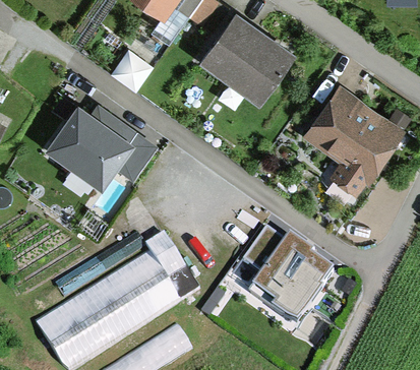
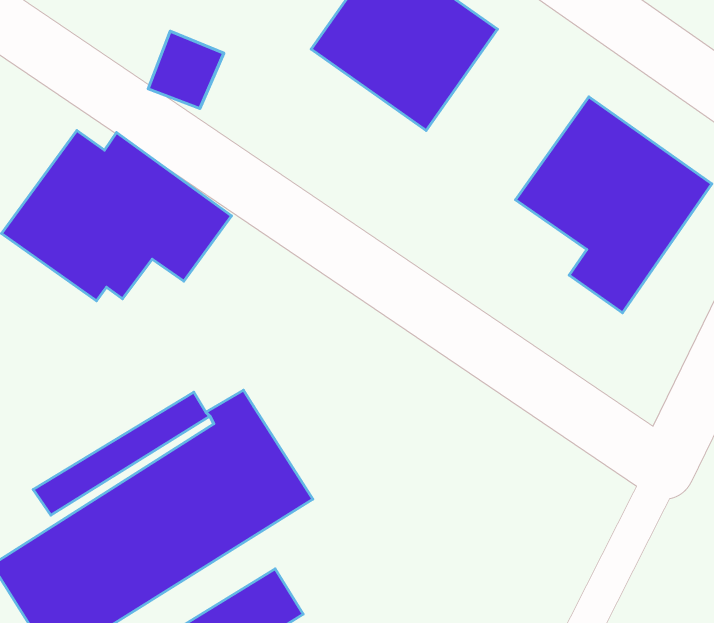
building: [244,230,331,327] -> none

